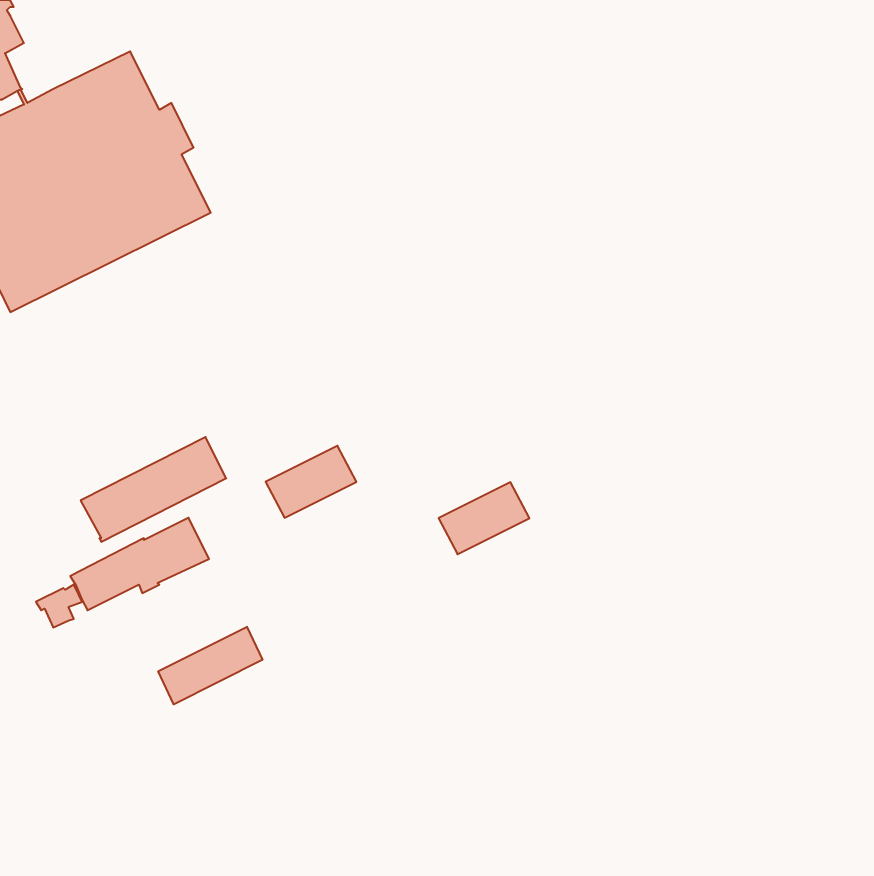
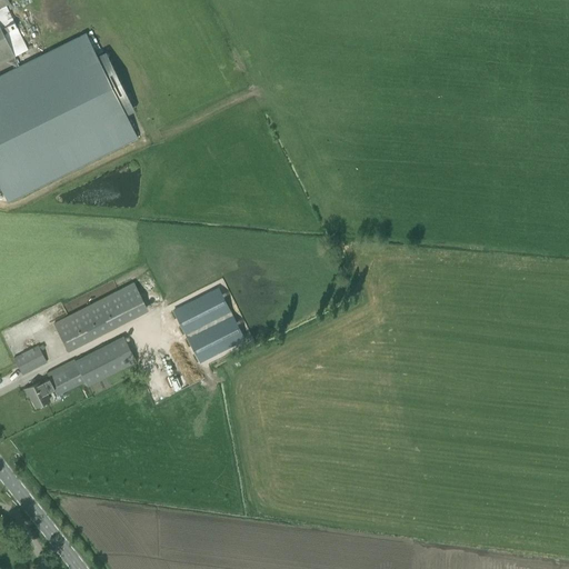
building: [439,482,529,554] -> [187,317,246,363]
building: none -> [12,346,46,375]
building: [158,627,262,704] -> none

